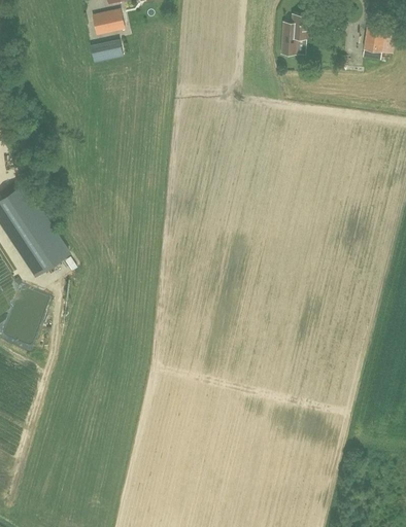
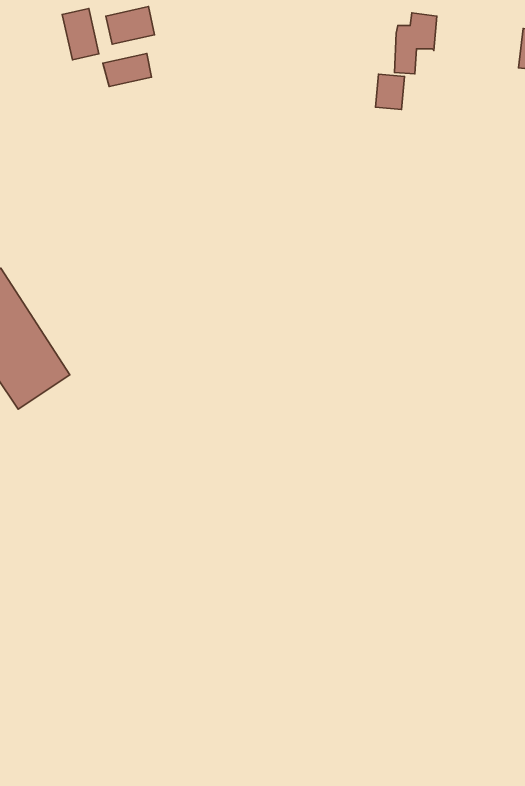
building: none -> [62,9,99,60]
building: none -> [375,74,404,110]

